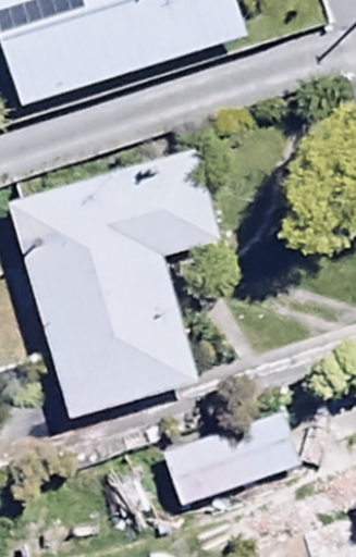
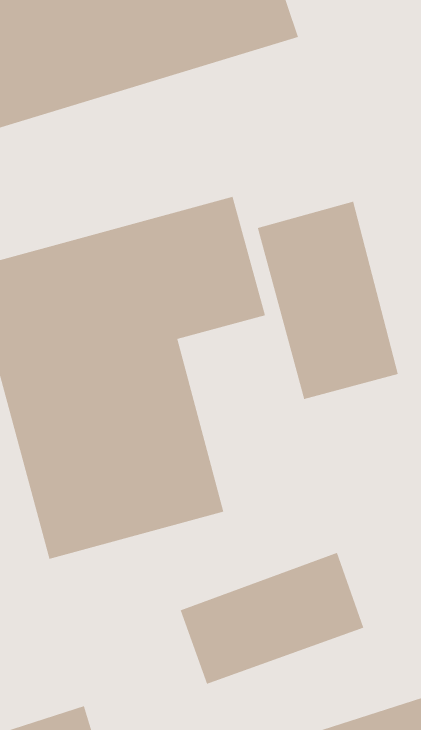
building: none -> [257,201,399,400]

